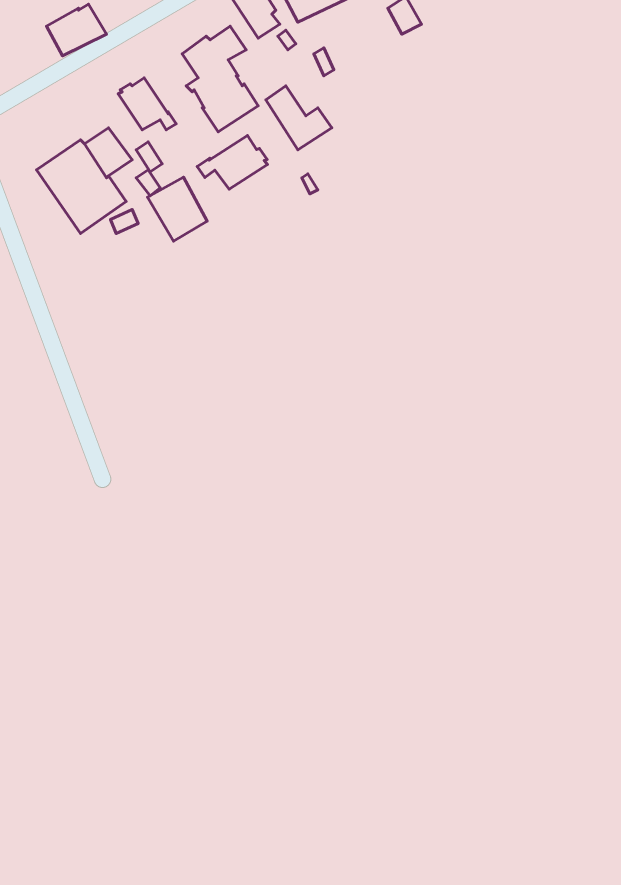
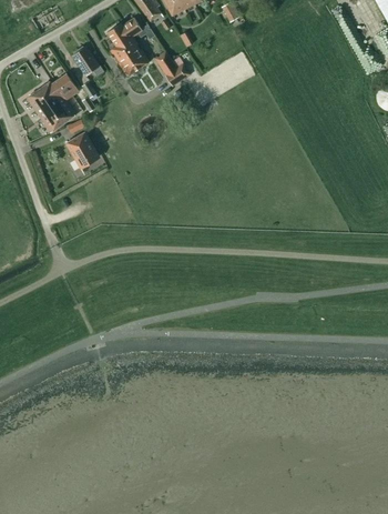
building: [197,135,268,189] -> none
building: [147,177,207,241] -> [65,132,99,168]

